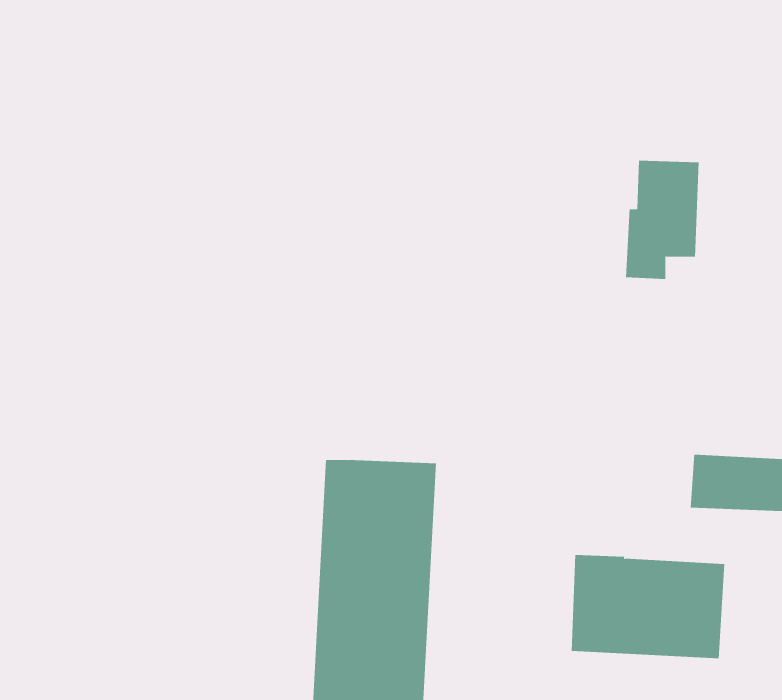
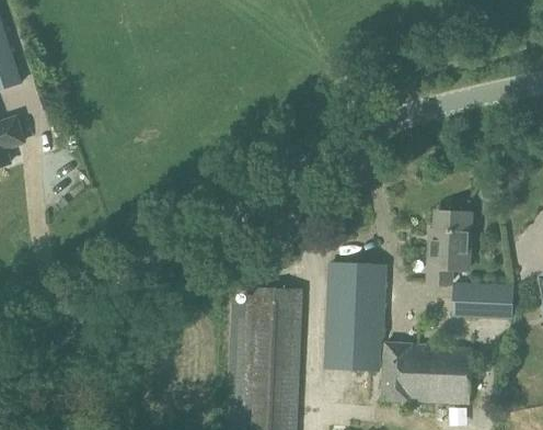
building: [625,160,700,279] -> [426,212,470,282]
building: none -> [326,262,386,370]

